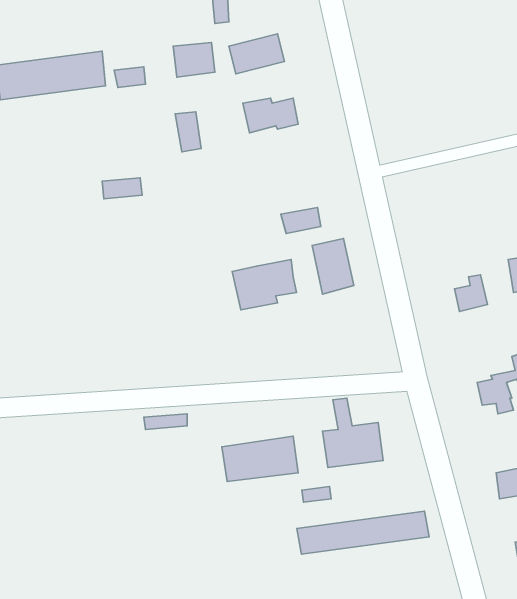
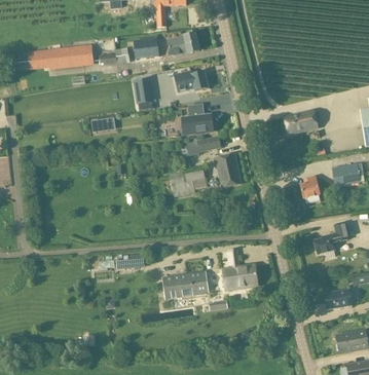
building: none -> [181,104,213,134]
building: none -> [284,109,318,134]
building: [297,511,429,554] -> none

